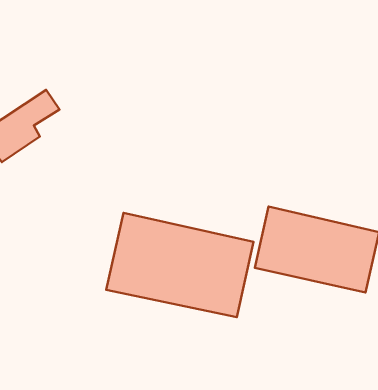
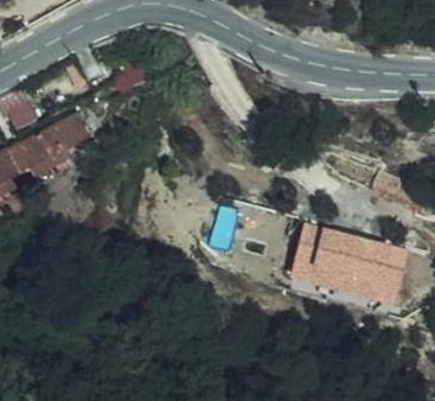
building: [106,213,253,317] -> none

